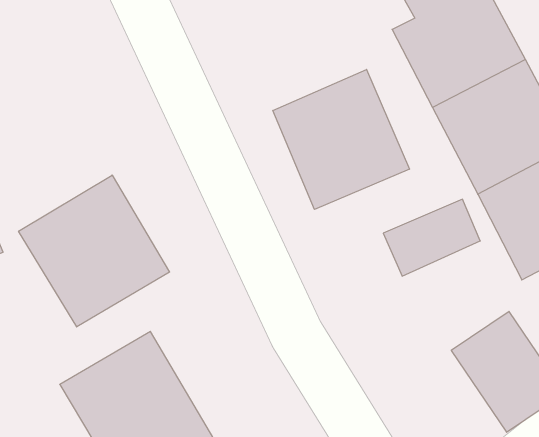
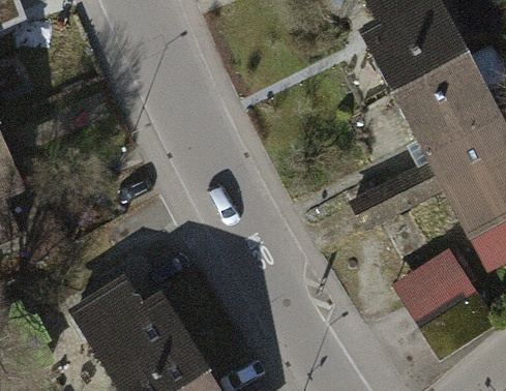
building: [273,69,409,209] -> none
building: [19,175,170,327] -> none

